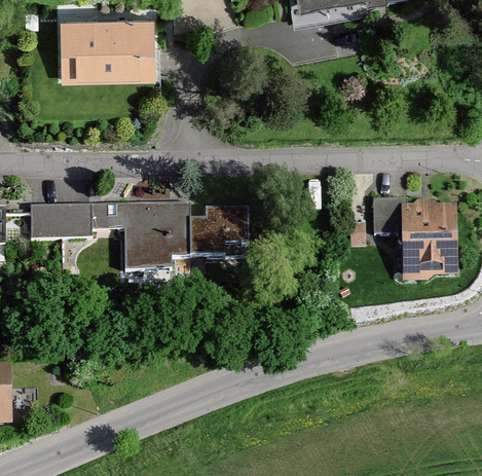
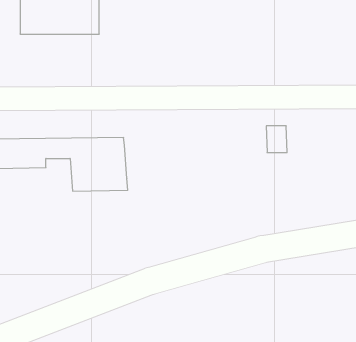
building: [400,203,457,273] -> none
building: [188,207,250,252] -> none

